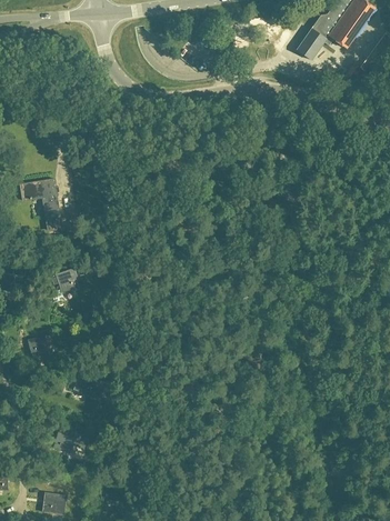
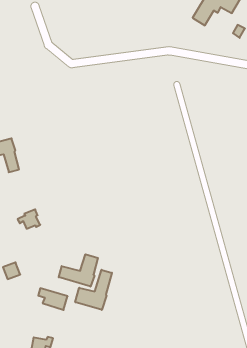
building: none -> [59,254,98,287]
building: none -> [75,270,112,310]

